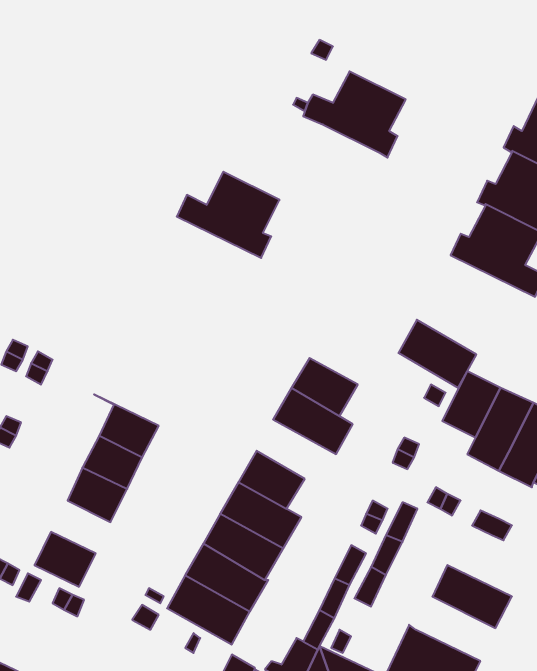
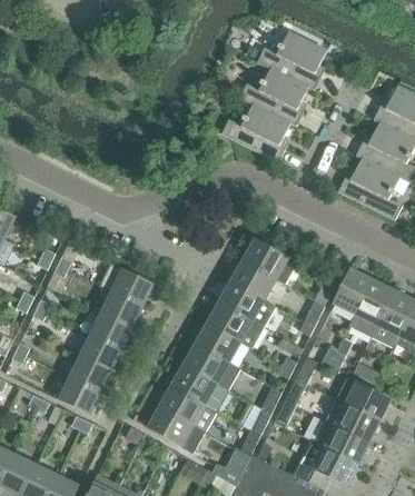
building: none -> [257,31,326,90]
building: [177,172,280,258] -> [221,103,290,161]
building: [398,320,476,388] -> [244,238,296,284]
building: none -> [99,262,152,306]
building: none -> [208,301,261,346]
building: none -> [70,356,110,391]
building: none -> [336,377,391,420]
building: none -> [315,420,368,464]

